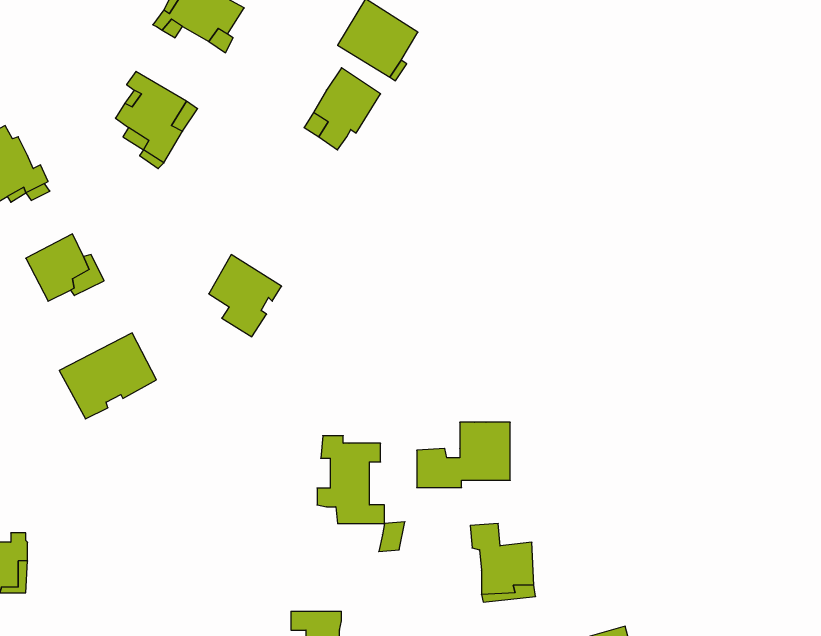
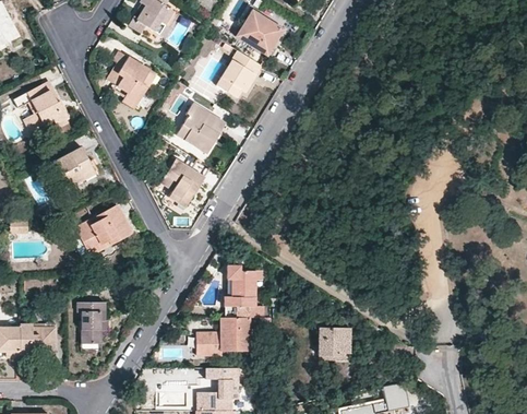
building: none -> [177,103,226,154]
building: [417,422,510,488] -> [196,317,251,355]
building: none -> [77,303,106,343]

